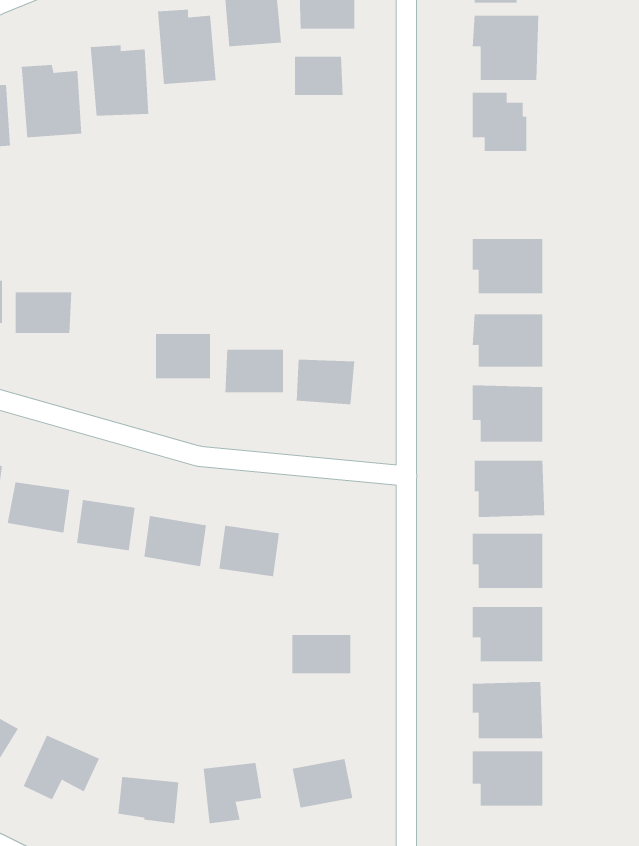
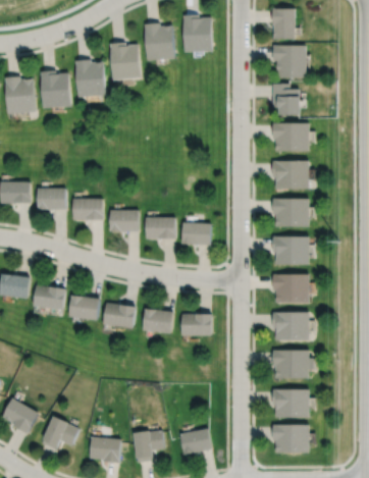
building: [294,56,343,96] -> none
building: none -> [273,123,309,152]
building: none -> [72,199,103,220]
building: [292,634,351,674] -> [181,314,212,334]

